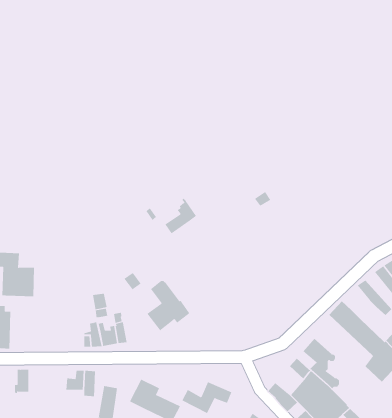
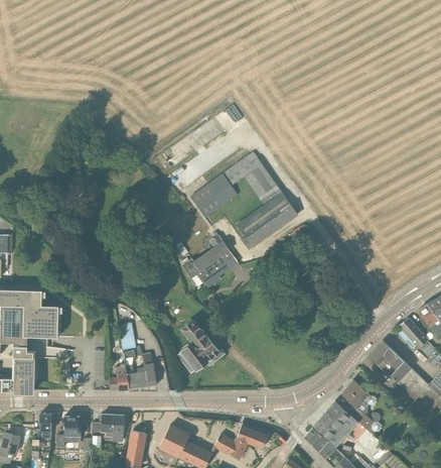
building: none -> [192,151,298,250]
building: none -> [182,256,232,288]
building: none -> [312,411,342,441]
building: none -> [57,414,82,447]

